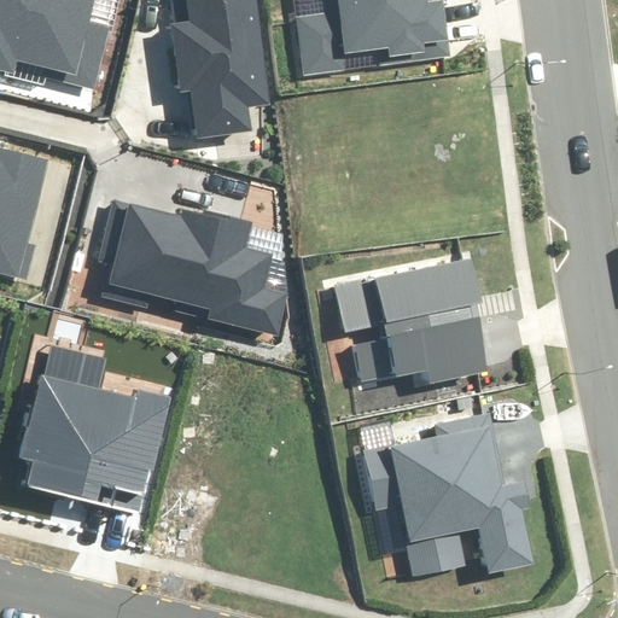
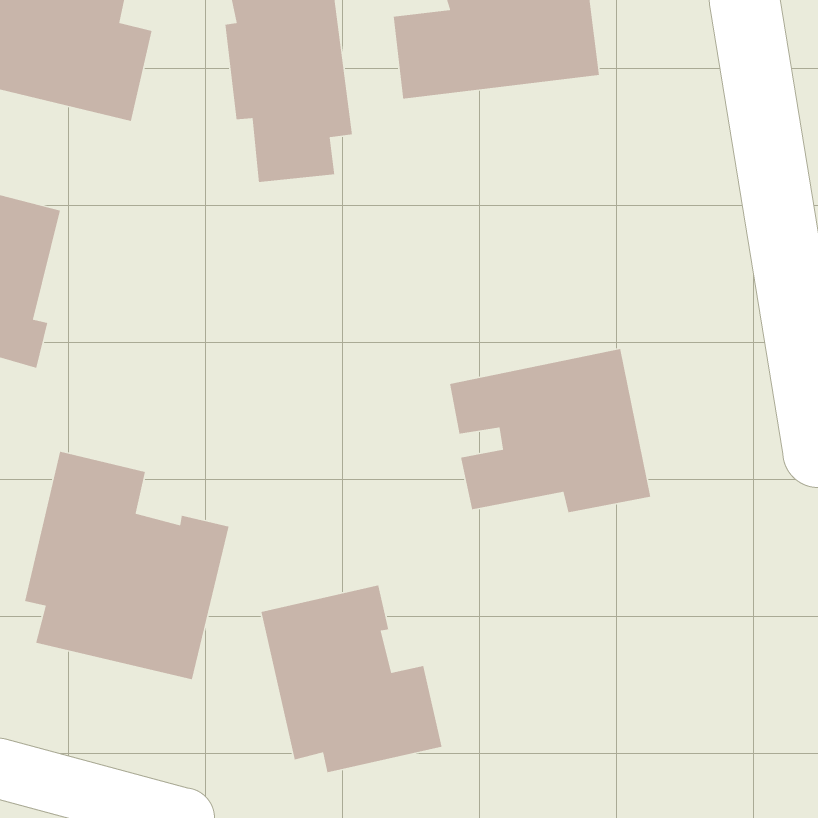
building: [95,200,282,333] -> none
building: [362,413,535,577] -> none
building: none -> [261,584,443,773]

